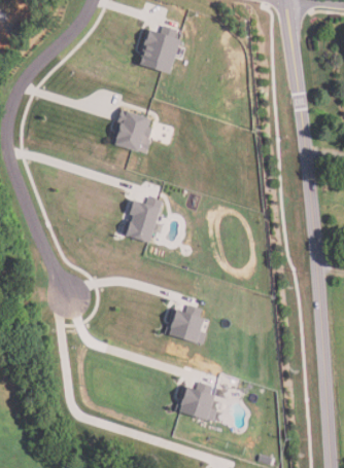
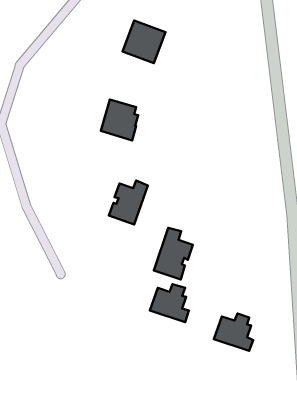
building: none -> [154,228,193,280]
building: [175,383,216,422] -> [214,314,253,351]

